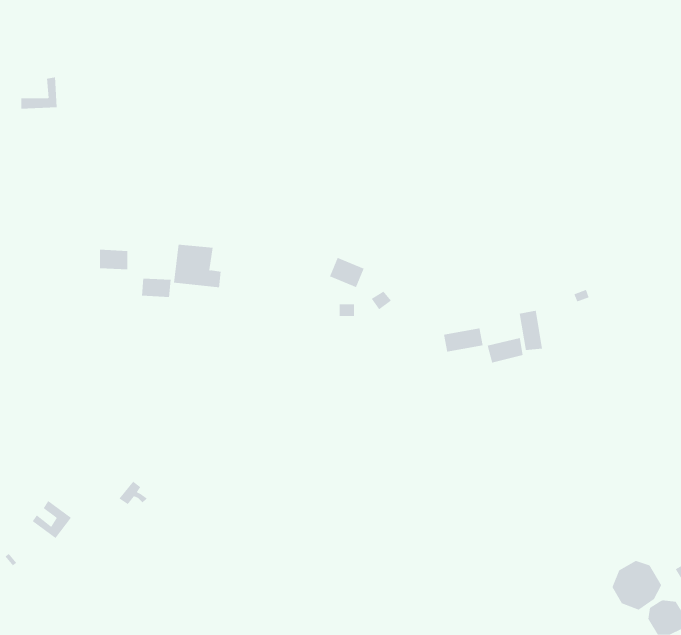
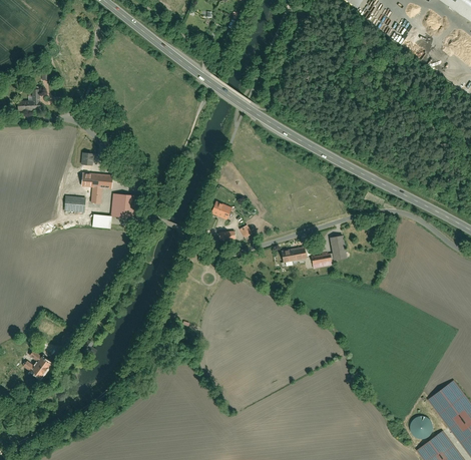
building: none -> [83,154,111,202]
building: [612,560,662,611] -> none

